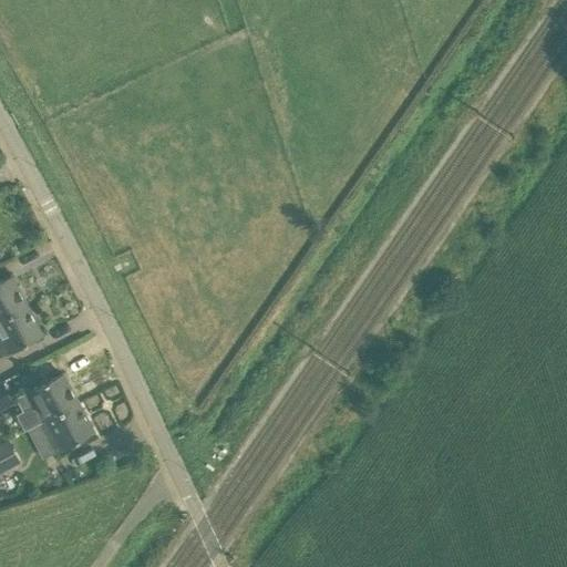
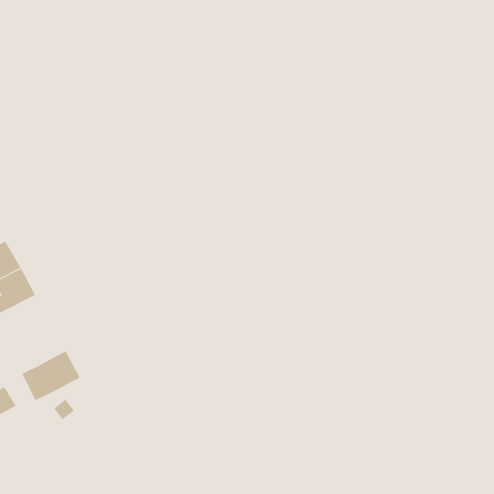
building: [14,373,75,431] -> none

